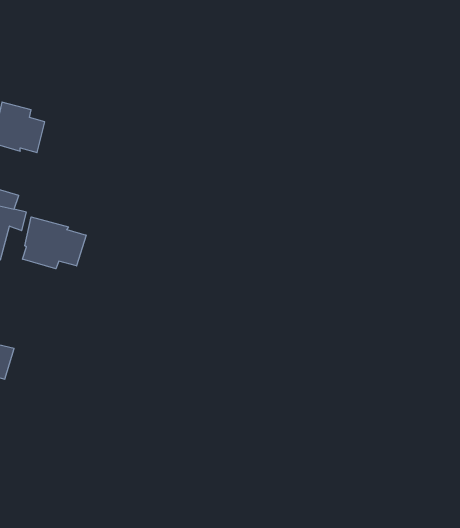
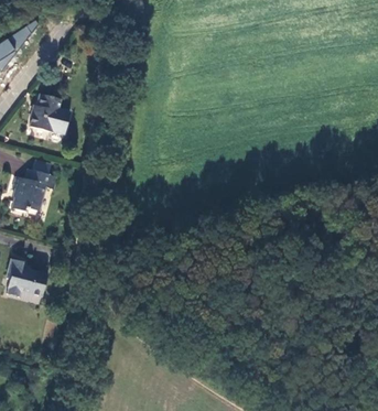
building: [23,217,86,269] -> none

